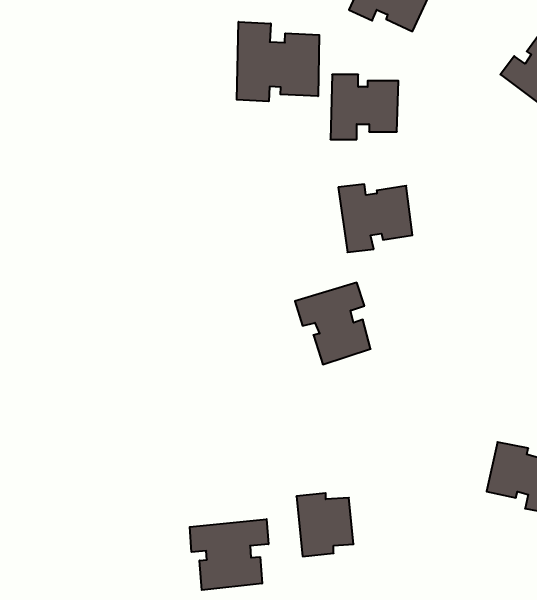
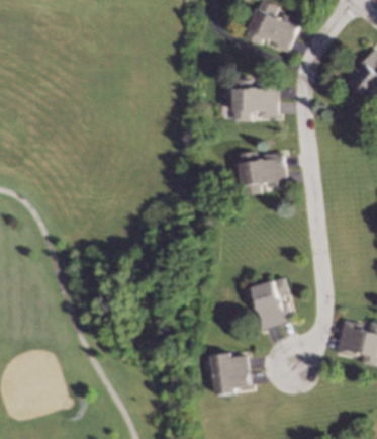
building: [237,22,319,101] -> none
building: [295,283,371,364] -> [243,277,292,331]
building: [190,519,268,590] -> none

